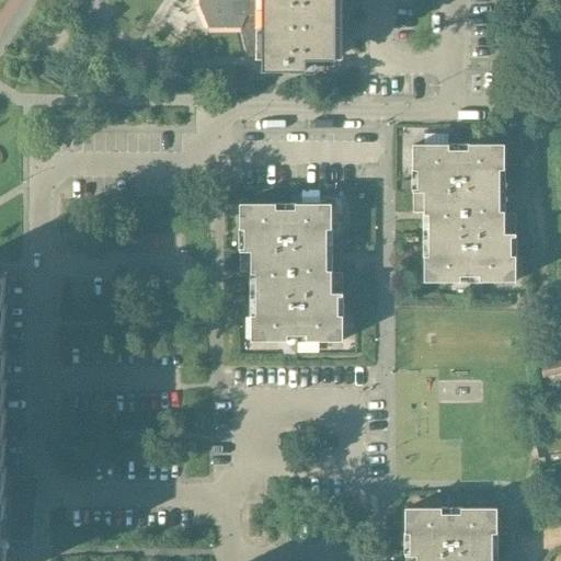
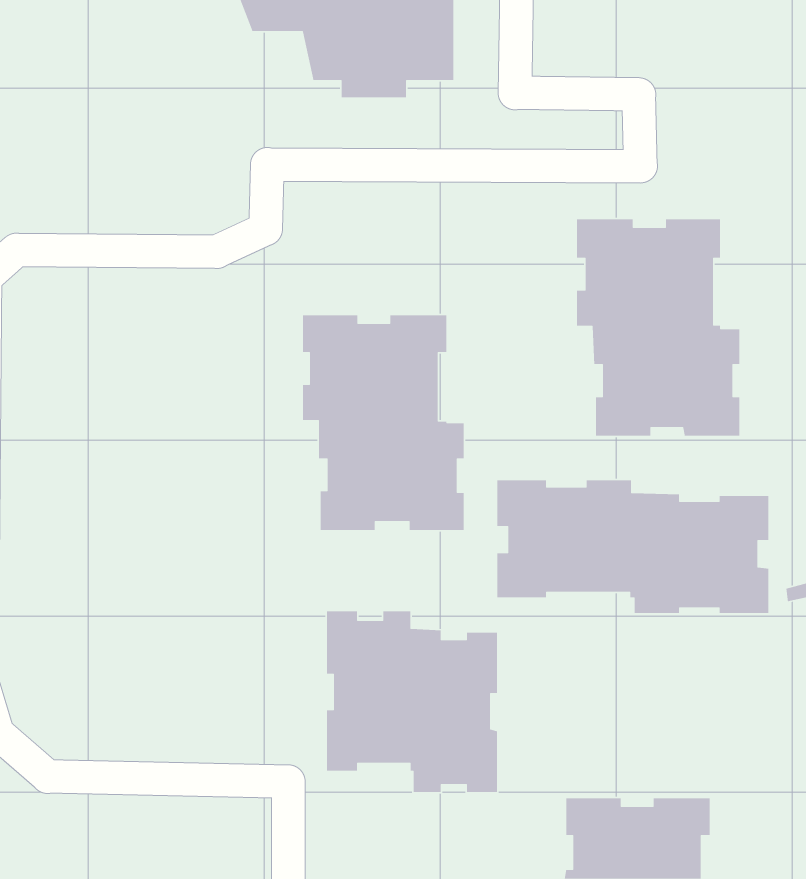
building: none -> [497,480,769,614]
building: none -> [326,611,498,793]

